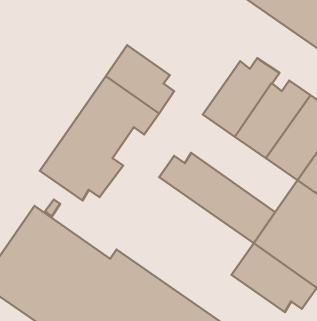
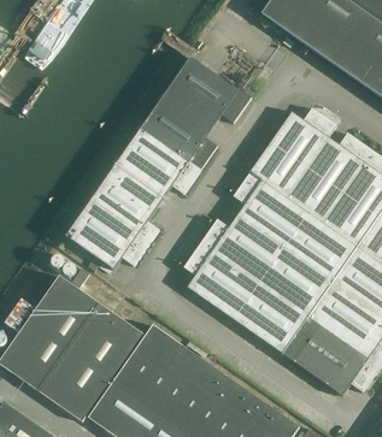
building: none -> [165,57,252,126]
building: none -> [234,171,358,282]
building: none -> [184,242,308,353]

